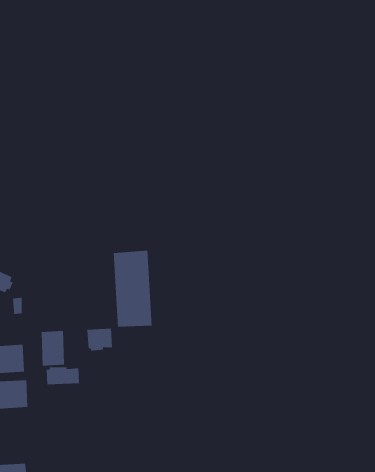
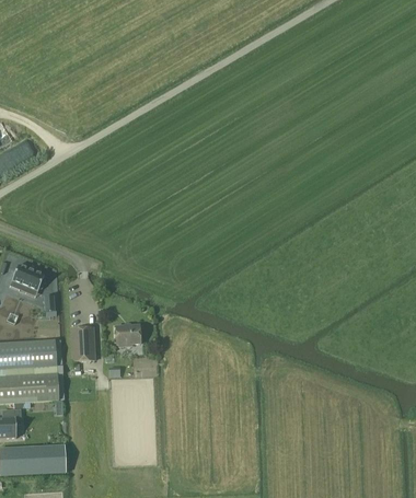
building: [113,250,152,328] -> none
building: [46,366,79,385] -> none

